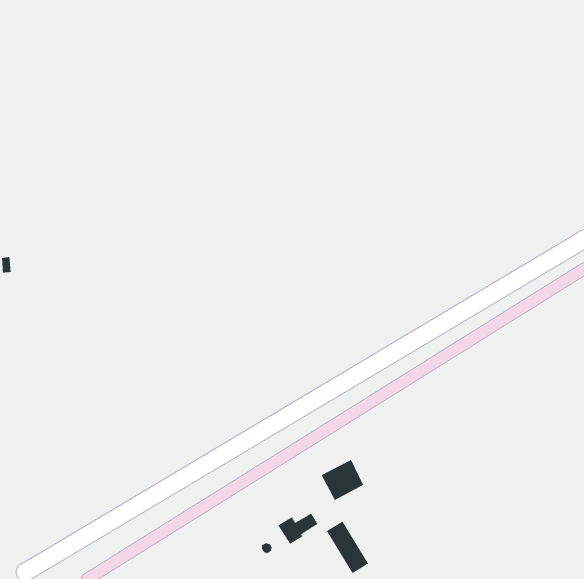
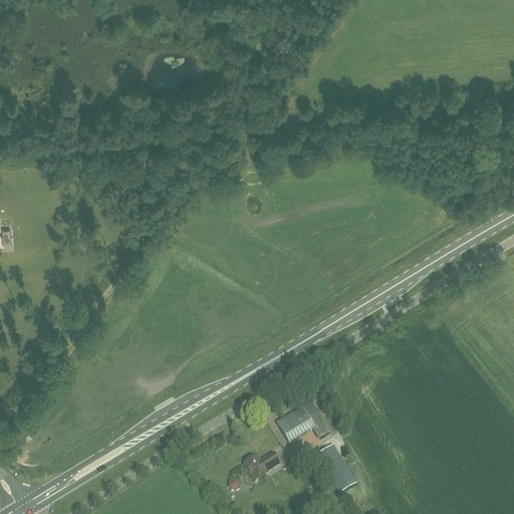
building: [326,520,369,574] -> [316,443,354,490]

